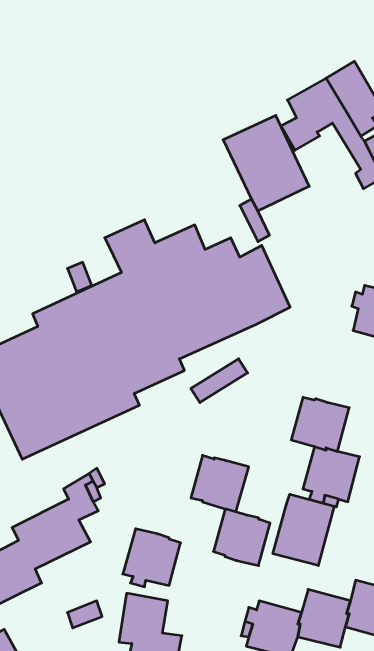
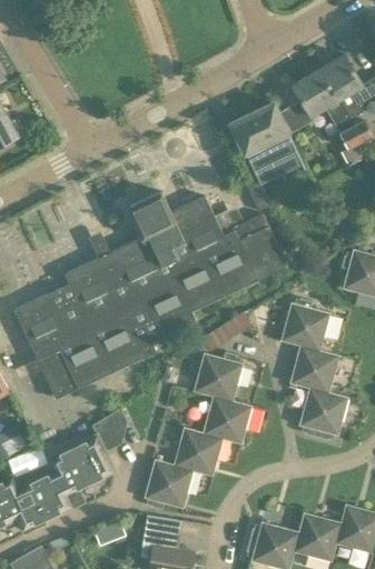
building: none -> [279,298,329,350]
building: none -> [193,351,241,400]
building: [273,494,334,566] -> none
building: [213,509,270,566] -> [172,427,221,476]

